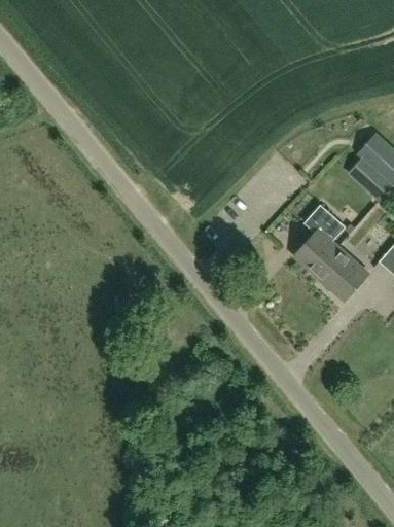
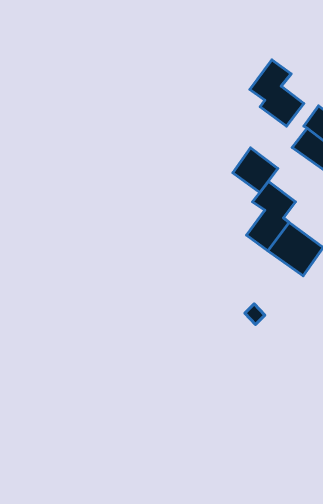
building: none -> [250,60,304,126]
building: none -> [233,148,278,193]

